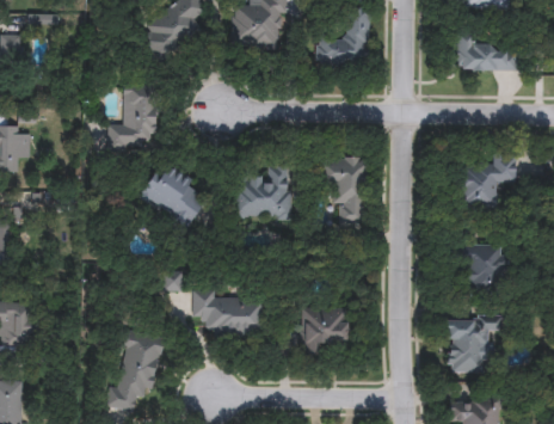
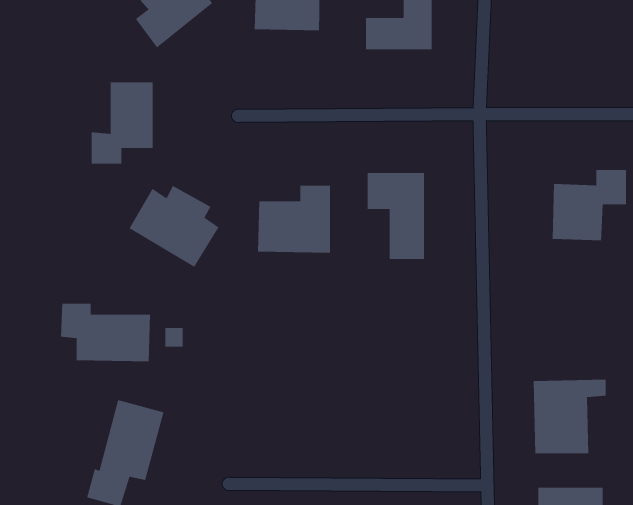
building: [453,39,512,70] -> none
building: [448,244,503,288] -> none
building: [192,290,261,336] -> [60,303,151,362]
building: [303,309,346,343] -> none

